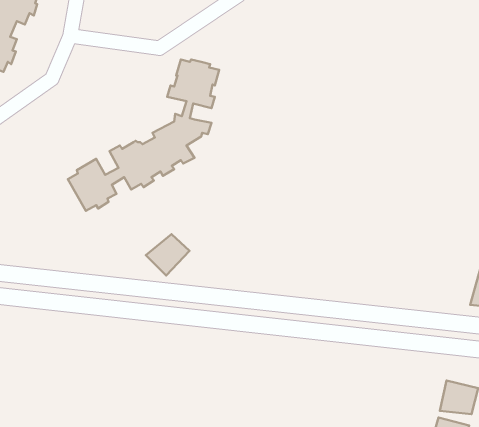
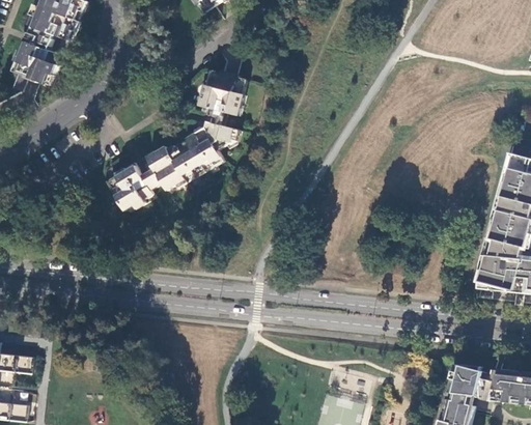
building: [146,234,190,276] -> none

